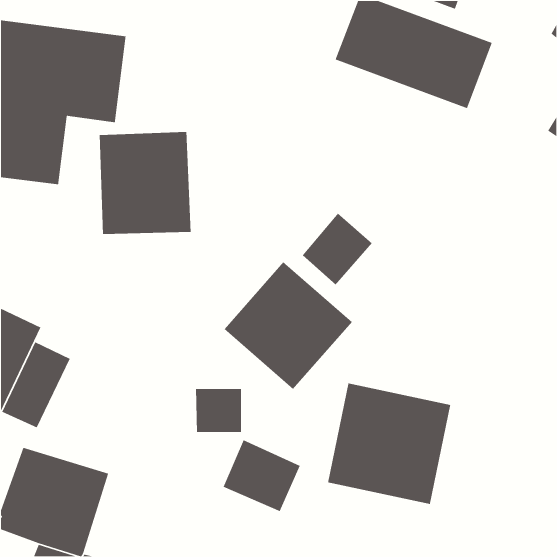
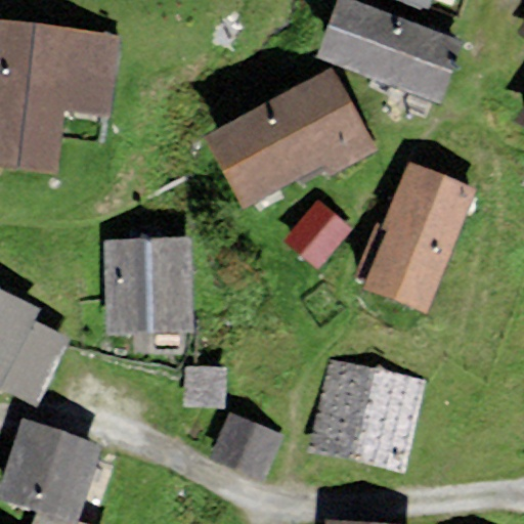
building: none -> [204,68,377,207]
building: [99,131,191,235] -> [104,236,191,334]
building: none -> [363,161,474,312]
building: [223,261,353,390] -> none

